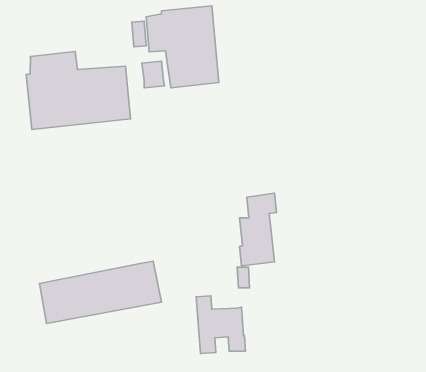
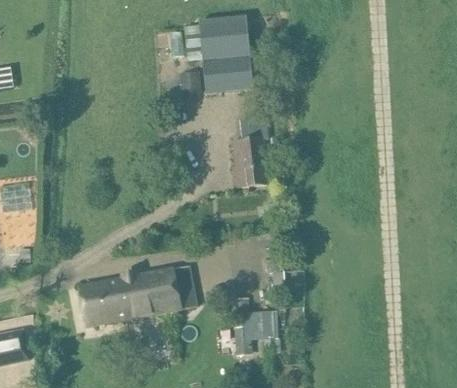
building: [26,52,130,129] -> none
building: [240,193,276,266] -> [231,115,267,186]

